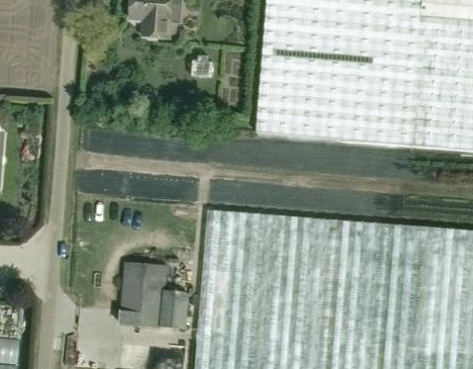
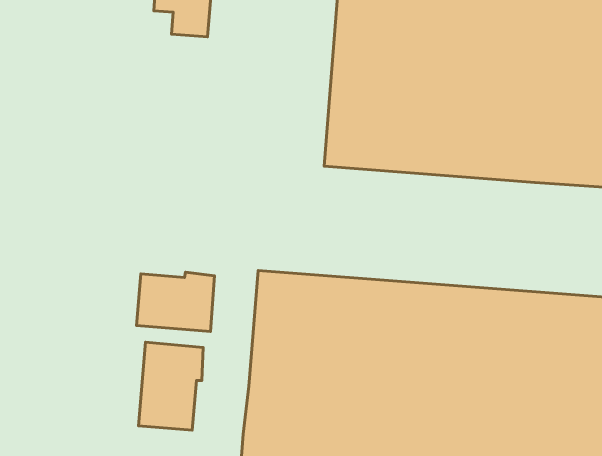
building: none -> [136,272,214,332]
building: [160,292,189,331] -> none

